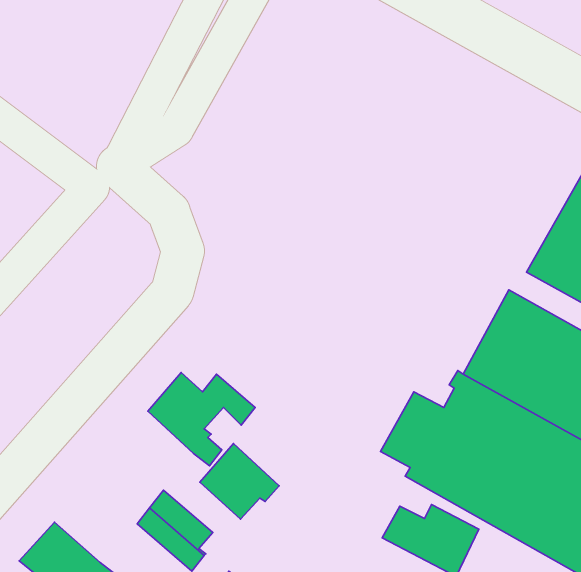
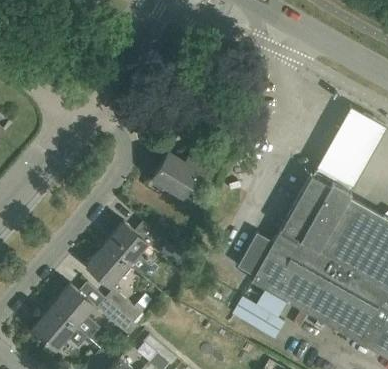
building: none -> [151,150,216,197]
building: [200,443,279,519] -> [85,245,130,288]
building: none -> [51,285,93,331]

